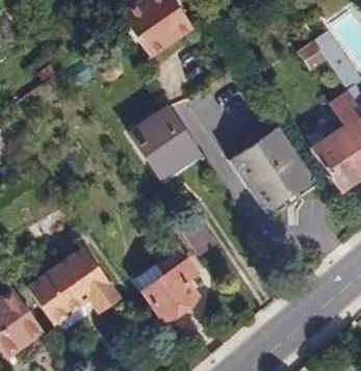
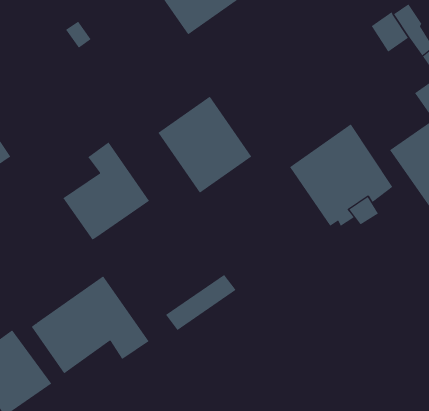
building: none -> [63,142,150,241]
building: [143,258,198,319] -> none

